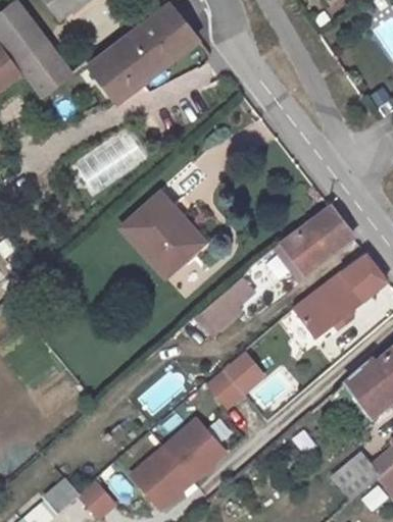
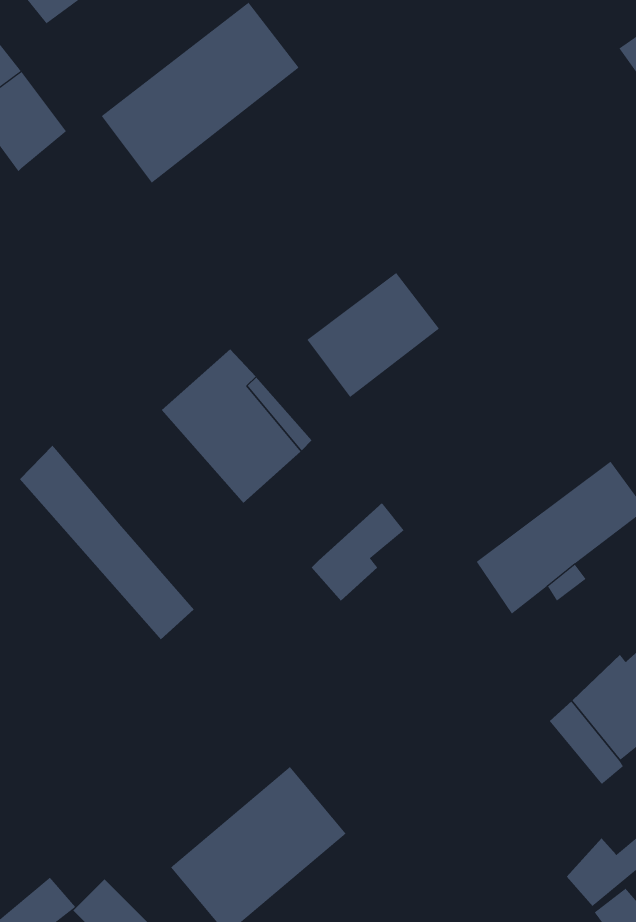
building: [282,205,354,273] -> [307,272,440,398]
building: none -> [19,445,195,640]
building: [208,356,261,408] -> none

